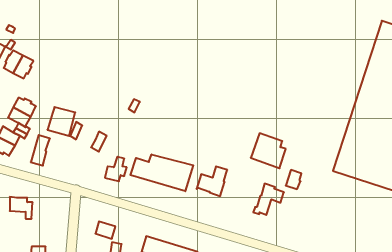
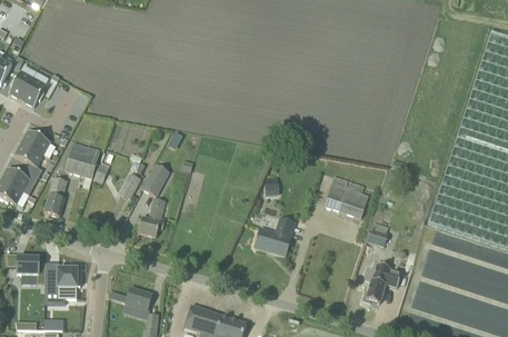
building: none -> [140,162,169,196]
building: [130,154,193,191] -> none
building: [253,184,284,215] -> [362,262,401,303]
building: none -> [44,268,80,298]

